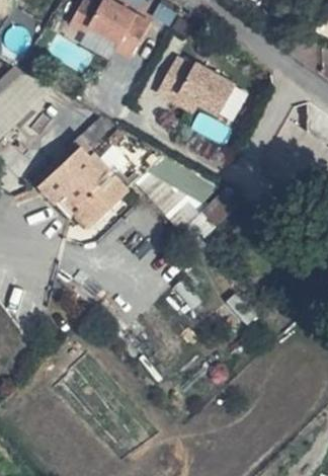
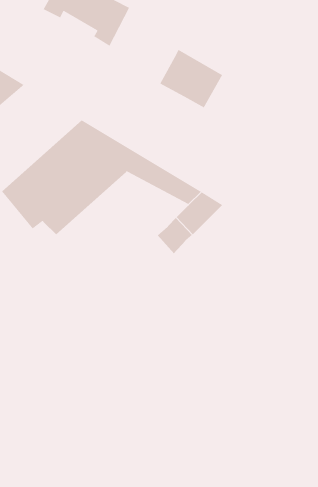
building: [156,56,198,111] -> none

